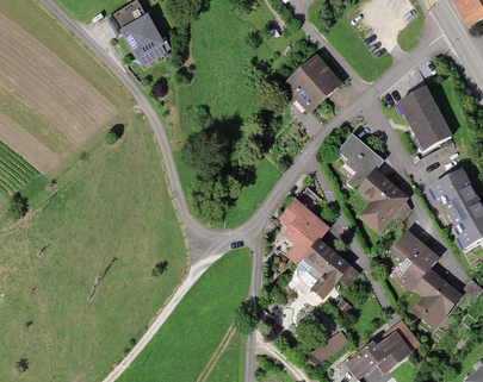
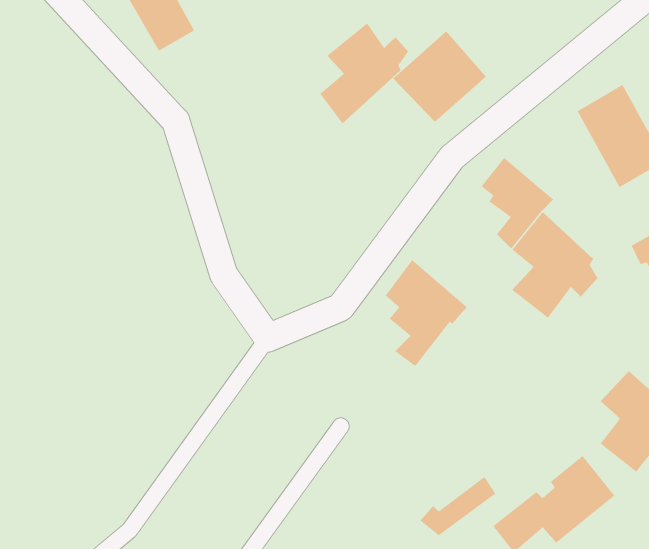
building: none -> [319,22,409,124]
building: [386,227,436,288] -> none
building: [297,234,359,299] -> none

